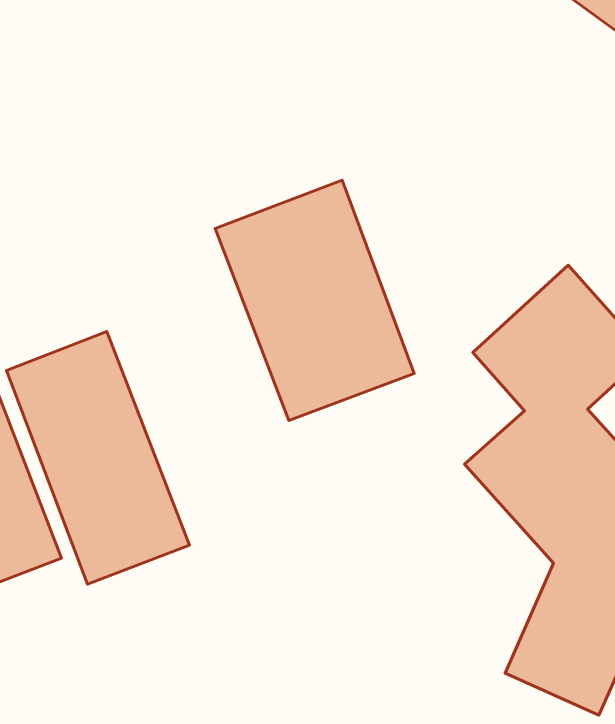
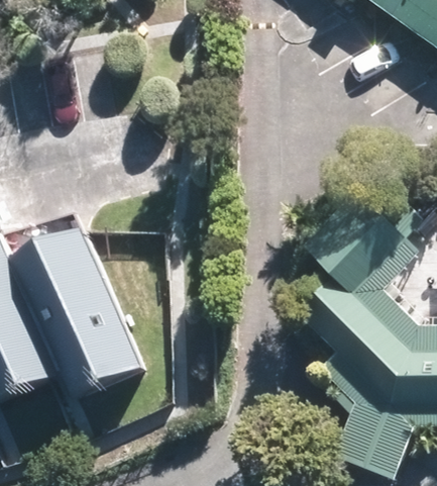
building: [215,180,414,421] -> none

